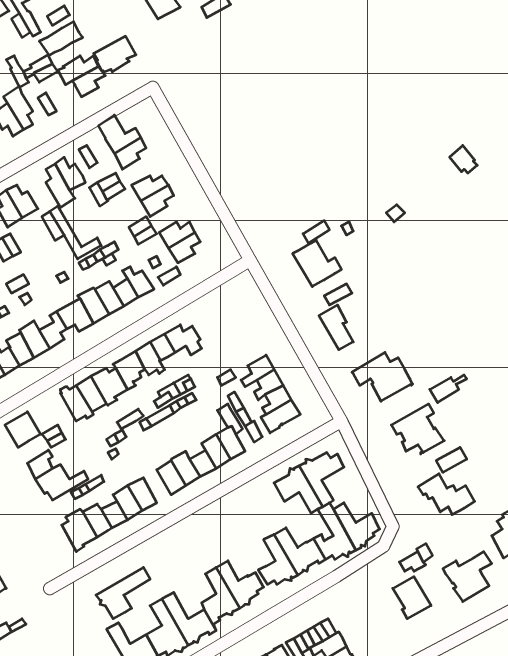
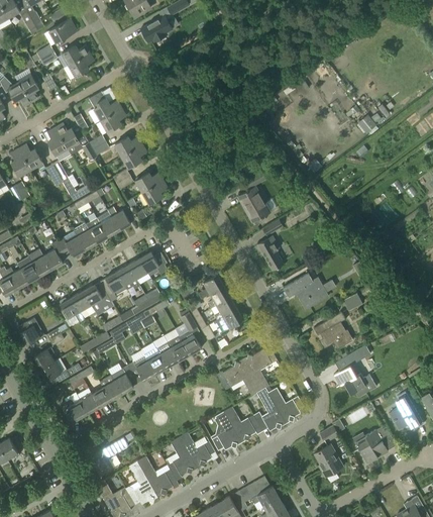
building: [94,36,136,72] -> [140,15,173,42]

